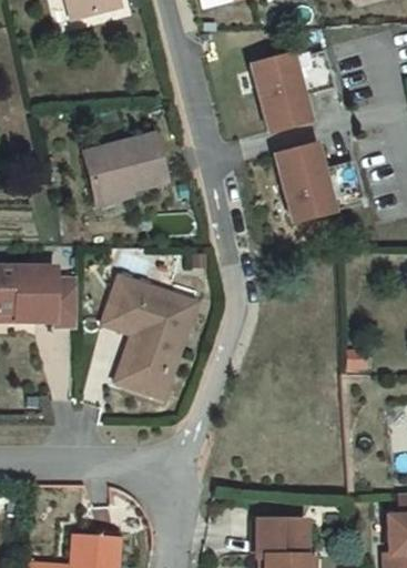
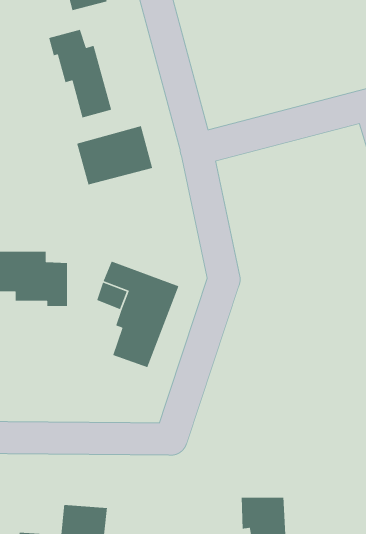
building: none -> [48,29,112,118]
building: [251,49,333,130] -> none
building: [274,143,363,221] -> none

